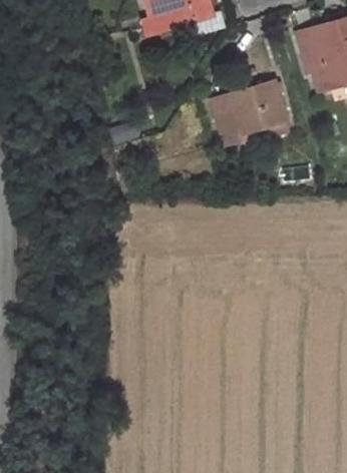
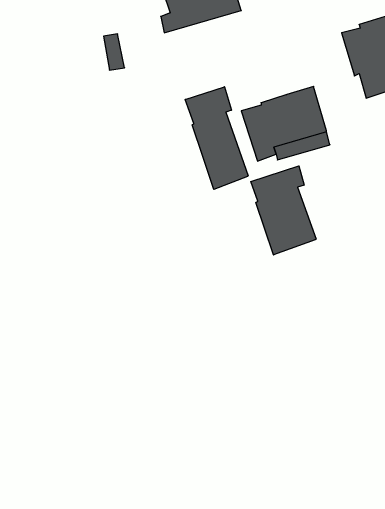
building: none -> [185,87,248,189]
building: none -> [251,166,316,255]

